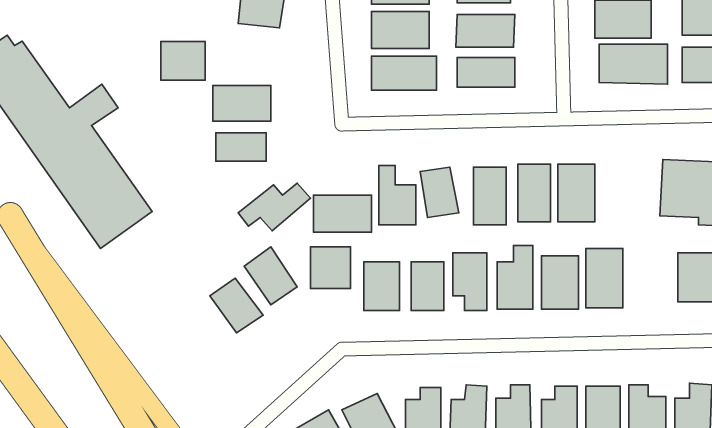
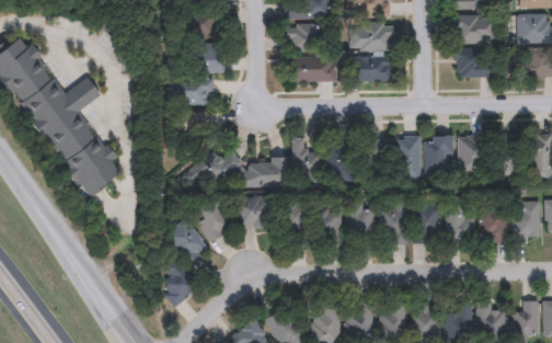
building: [161,42,205,80] -> [192,44,225,72]
building: none -> [458,137,488,173]
building: none -> [479,211,506,243]
building: none -> [161,260,196,302]

